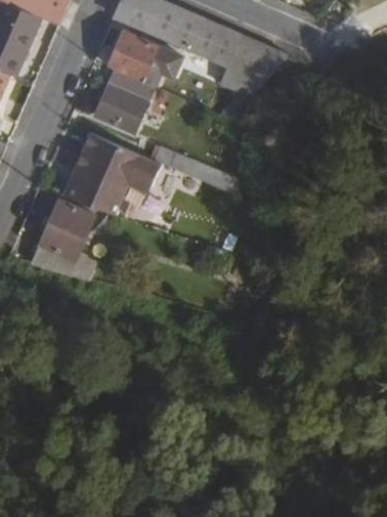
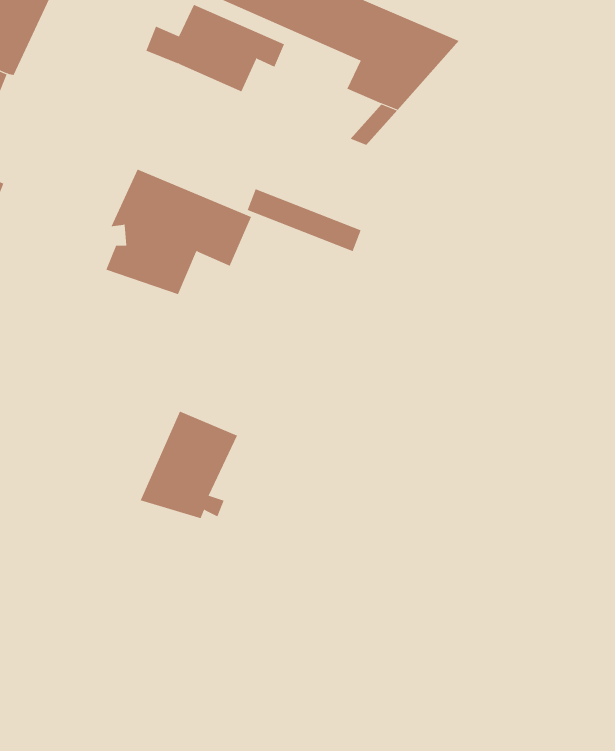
building: [93,70,153,133] -> none
building: [30,200,90,266] -> [140,411,238,519]

